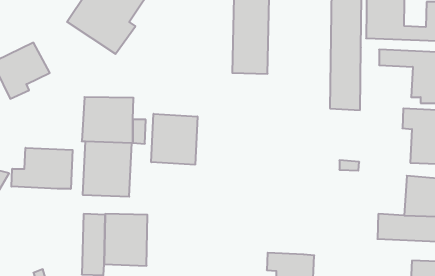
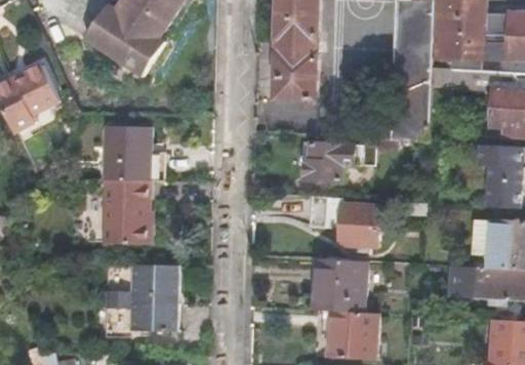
building: none -> [304,143,358,184]
building: [151,114,197,165] -> none
building: [11,148,73,189] -> none
building: none -> [310,197,379,247]
building: none -> [320,258,366,314]

